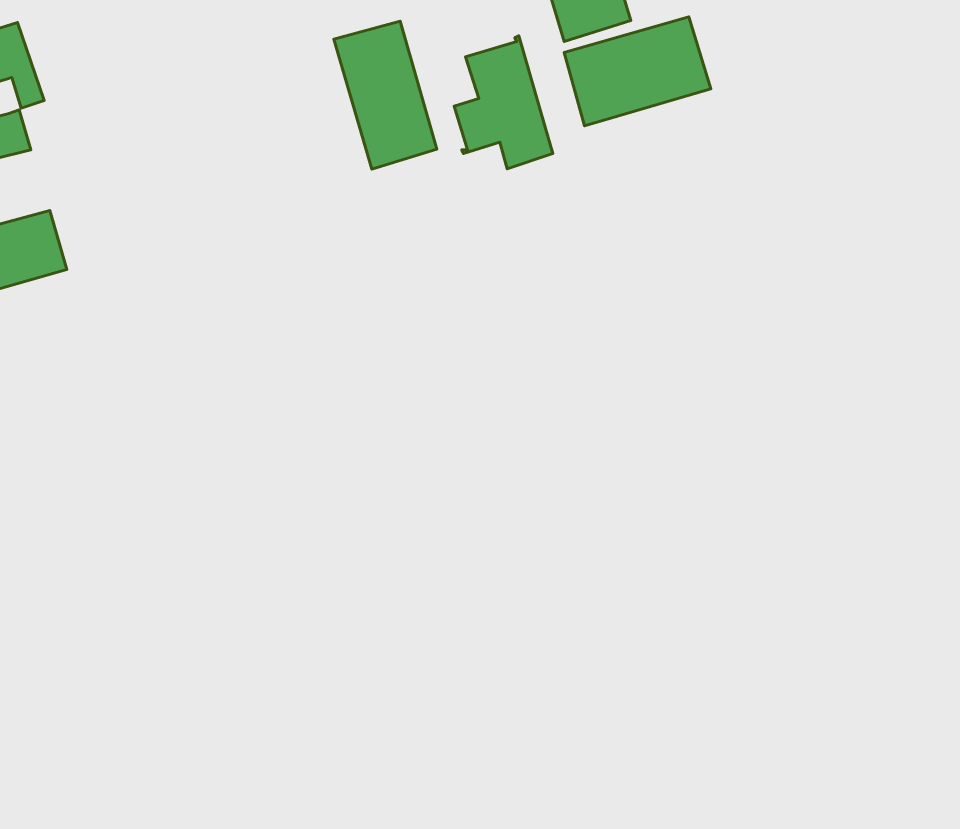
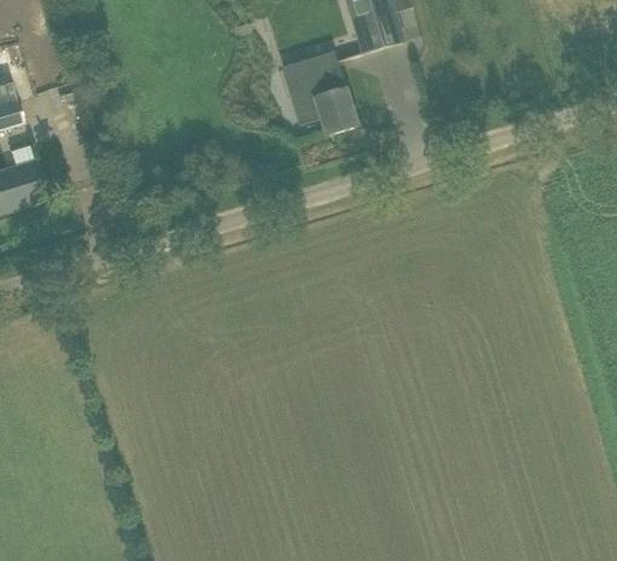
building: [564,17,711,126] -> none
building: [334,21,437,169] -> none

